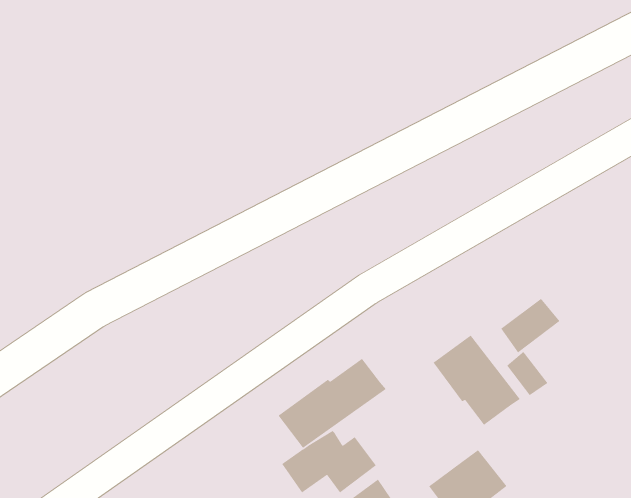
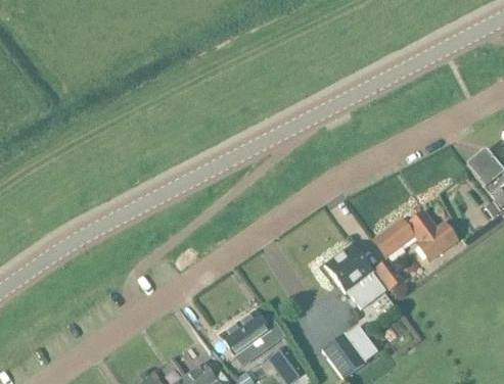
building: none -> [405,211,457,260]
building: [278,358,387,449] -> none

